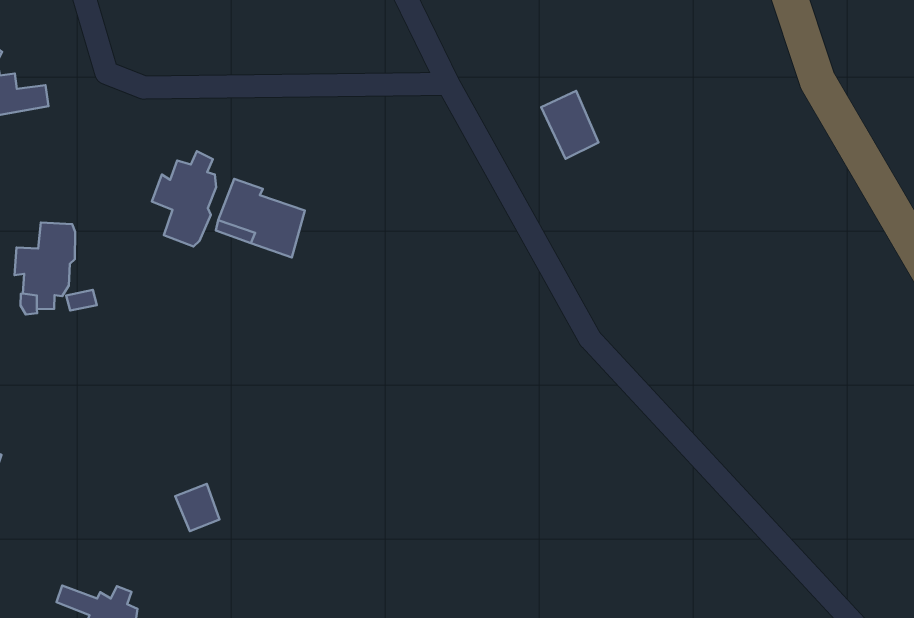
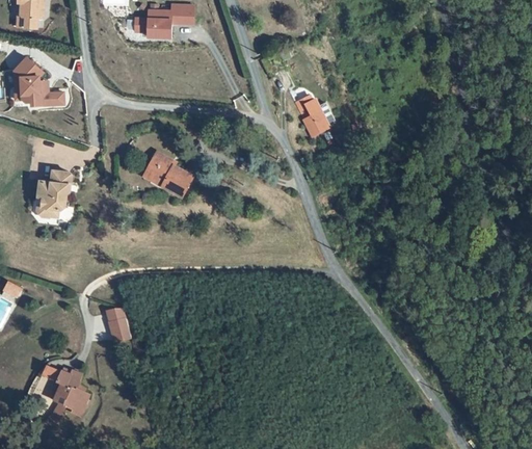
building: [541,91,599,159] -> [304,98,332,133]
building: [152,151,216,247] -> none

